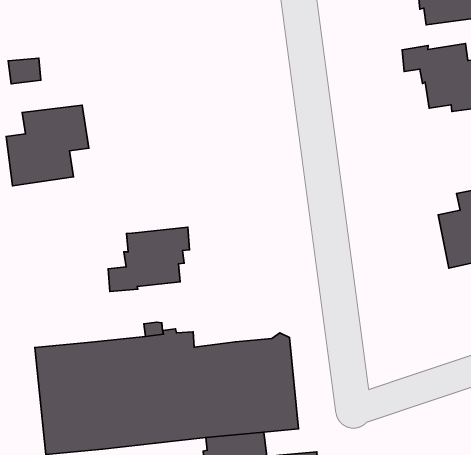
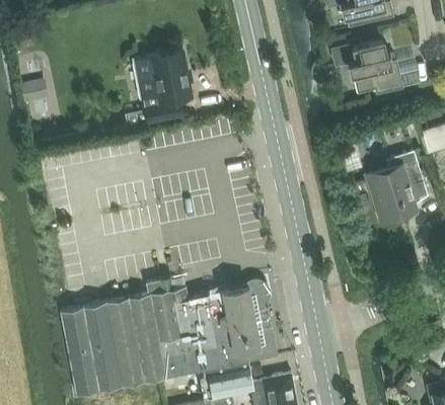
building: none -> [134,50,191,123]
building: [6,105,89,186] -> none
building: [108,227,190,291] -> none

